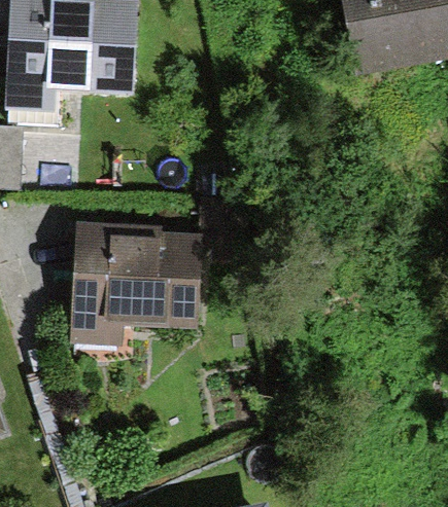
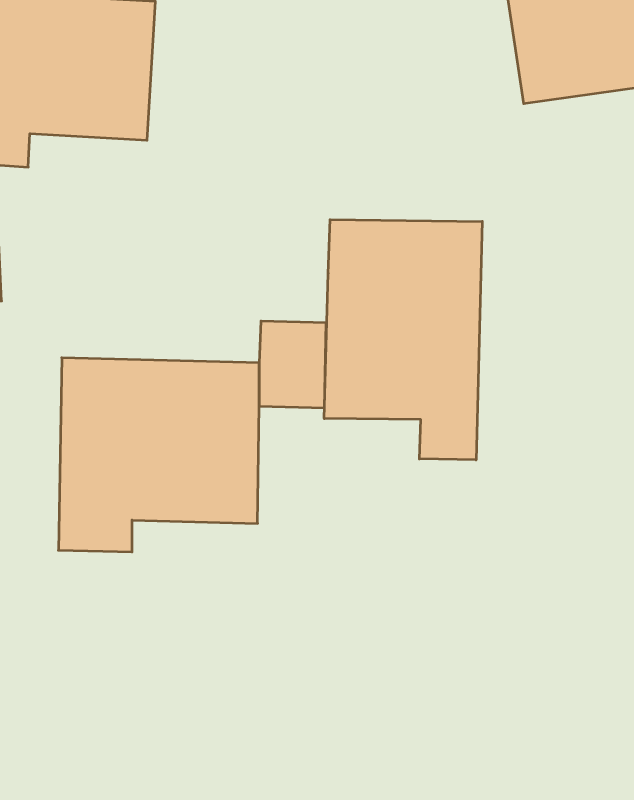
building: none -> [324,220,482,460]

